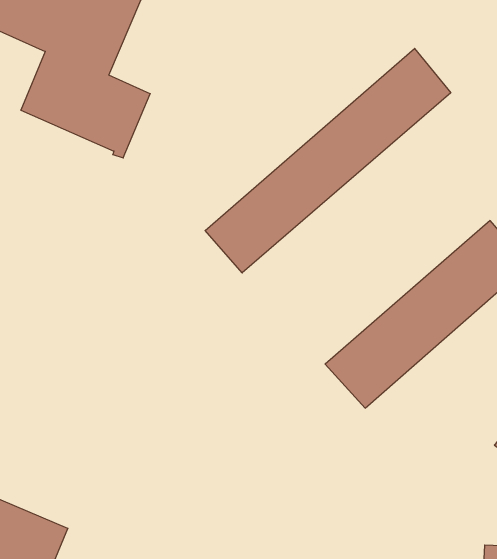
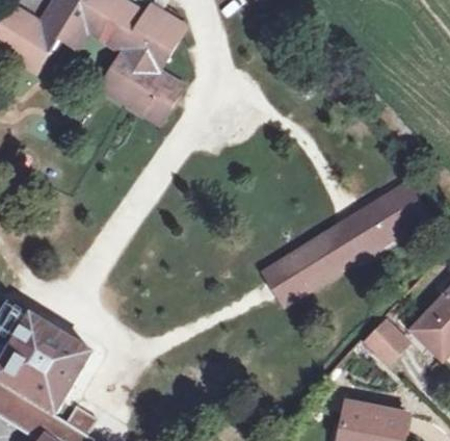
building: [205,48,451,273] -> none

